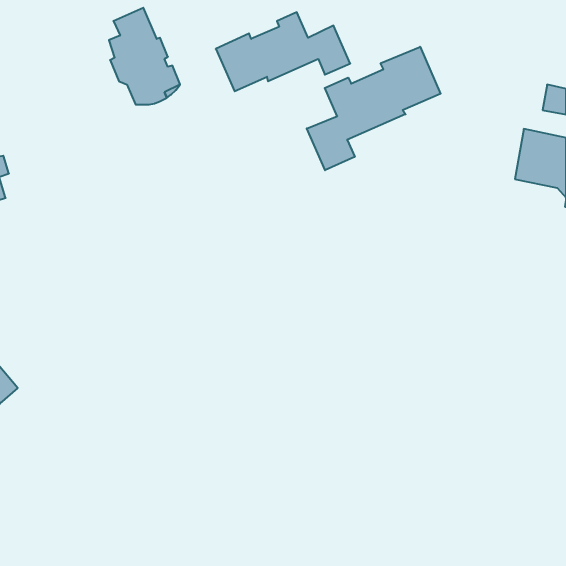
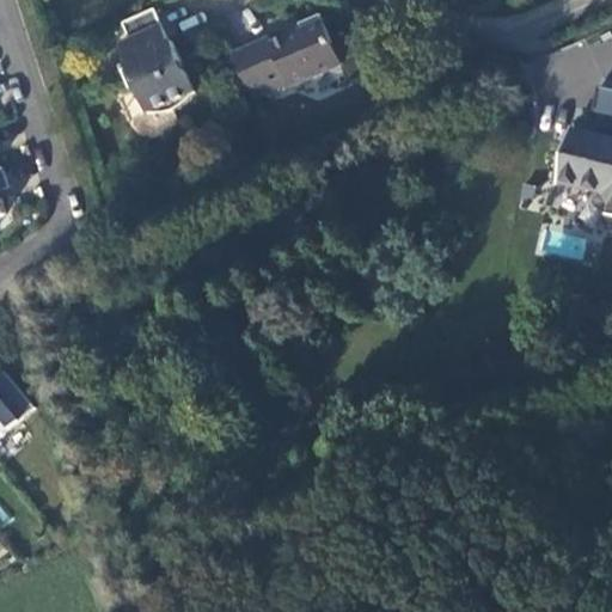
building: [307,47,441,170] -> none

